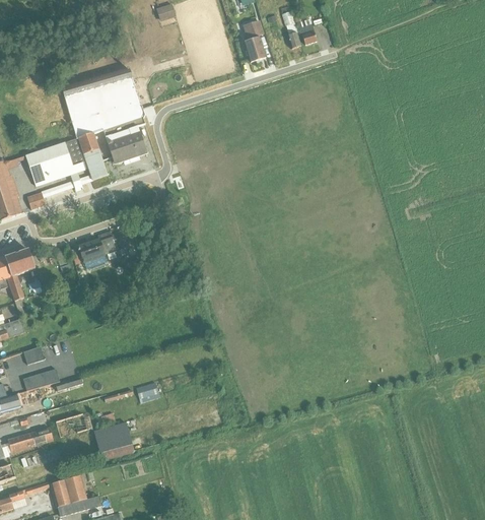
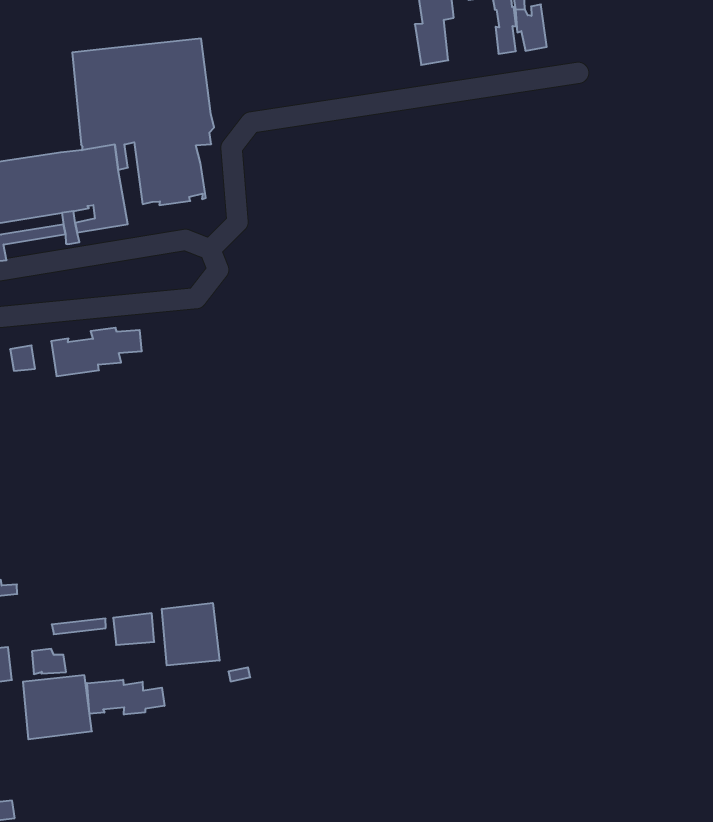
building: none -> [162,603,220,665]
building: none -> [87,680,164,715]

